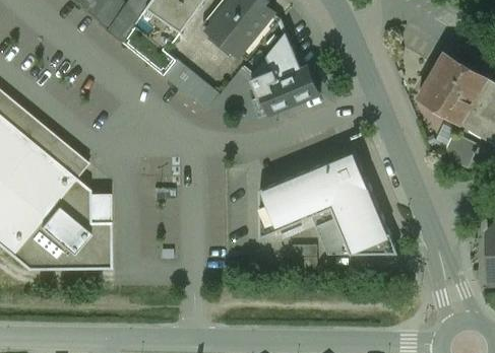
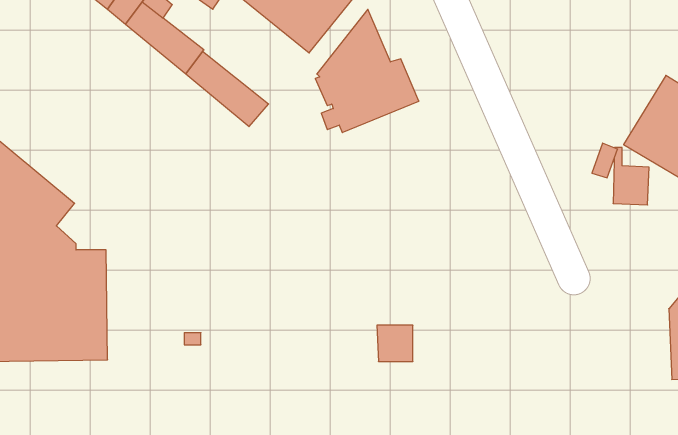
building: [417,52,486,124] -> none
building: [257,158,396,255] -> none

